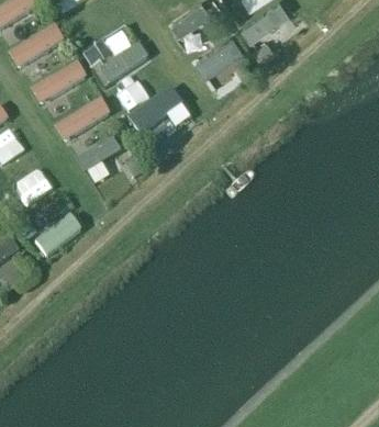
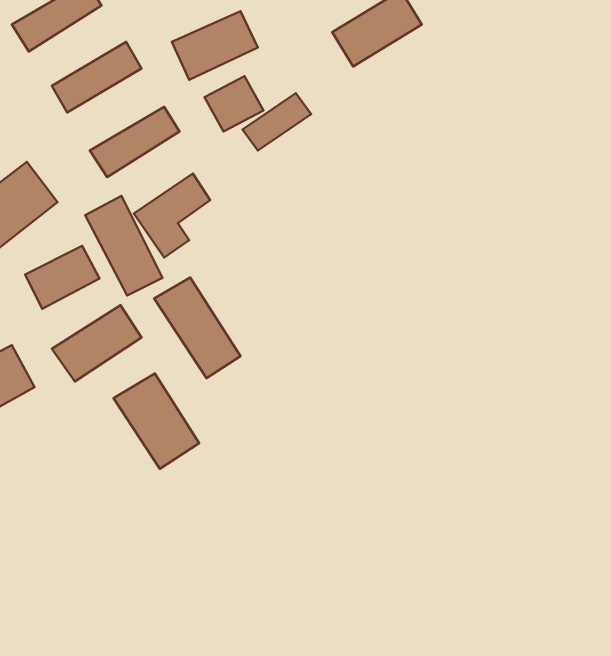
building: none -> [85,196,163,296]
building: none -> [154,277,240,378]
building: none -> [113,373,199,469]

